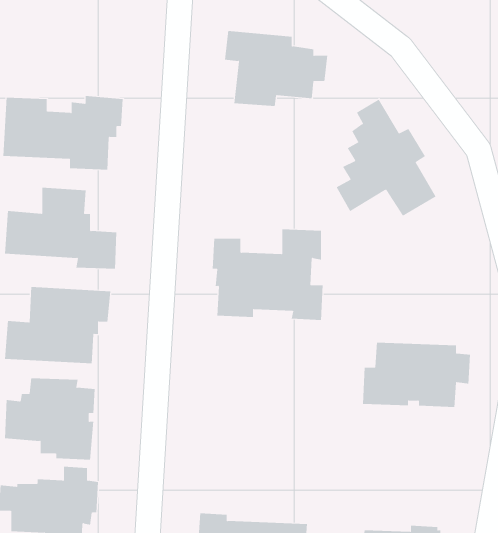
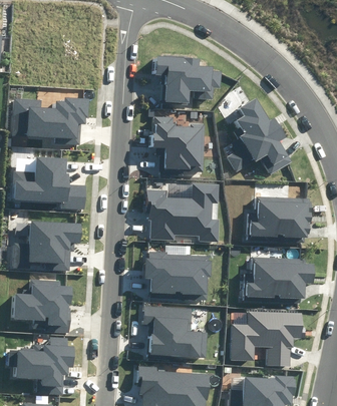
building: none -> [153,116,205,175]
building: none -> [248,196,312,243]
building: none -> [144,252,212,301]
building: none -> [142,306,207,359]
building: none -> [230,311,305,367]

